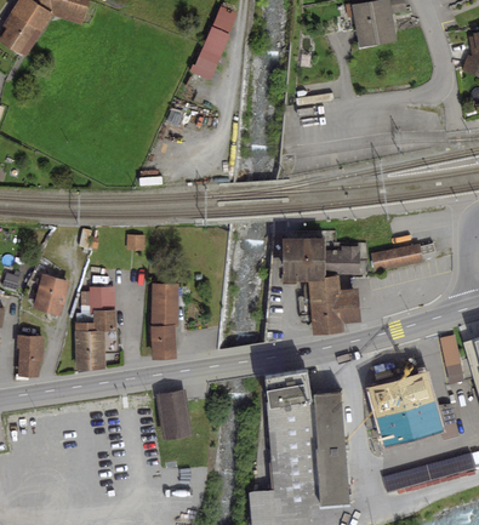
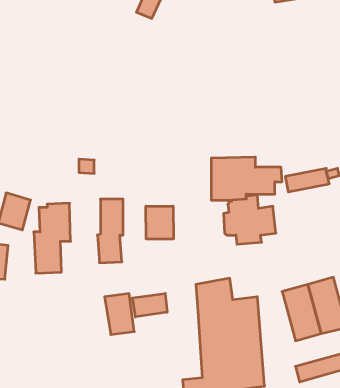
building: none -> [146,206,173,239]
building: none -> [132,293,167,317]

